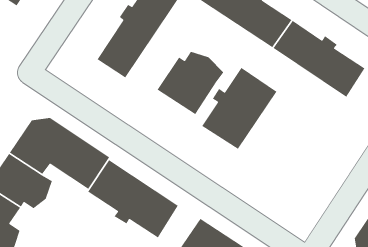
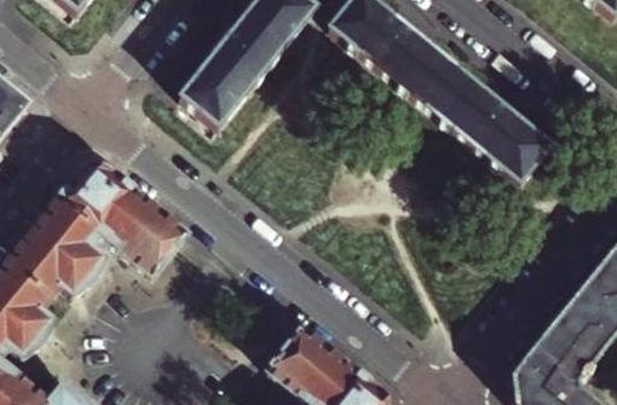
building: [156,51,224,115] -> none
building: [201,67,278,150] -> none
building: [87,159,179,239] -> none

